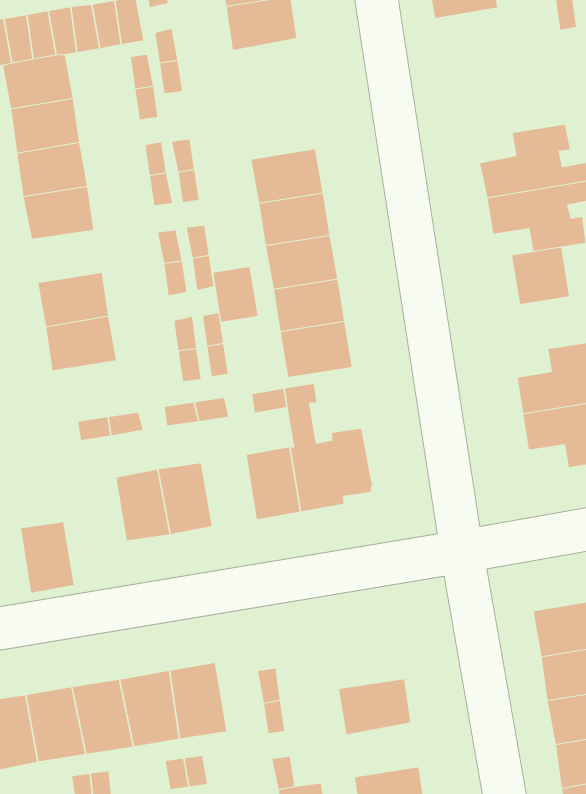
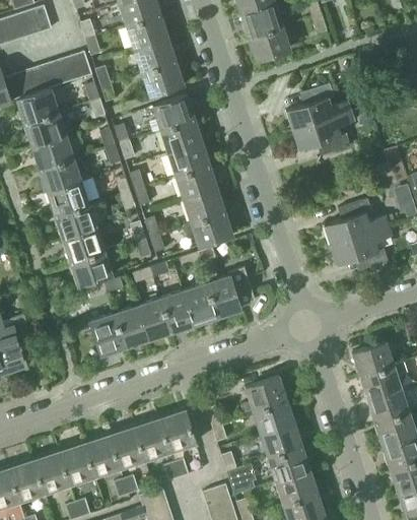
building: none -> [248,26,289,61]
building: none -> [140,60,183,95]
building: none -> [152,94,194,130]
building: none -> [47,182,88,215]
building: [512,247,569,305] -> none
building: [213,266,258,323] -> none
building: none -> [69,251,112,285]
building: none -> [158,291,193,333]
building: [20,522,75,593] -> [89,315,124,356]
building: none -> [241,376,287,414]
building: none -> [260,424,302,458]

